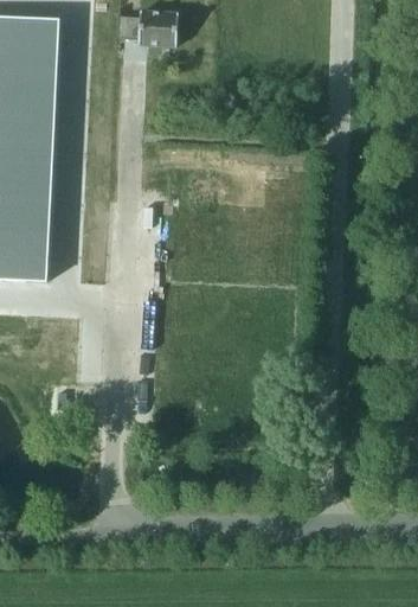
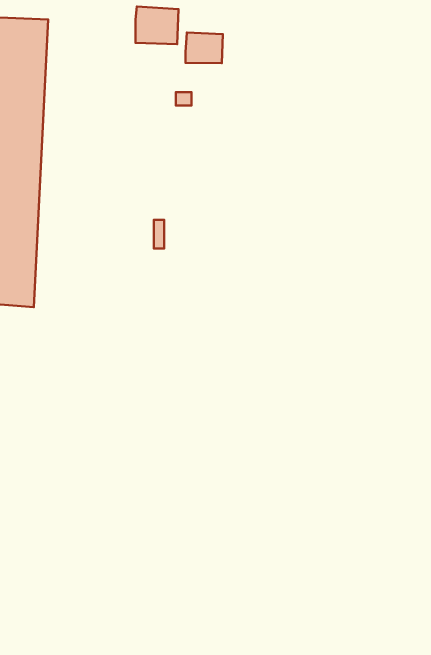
building: none -> [185,33,223,63]

